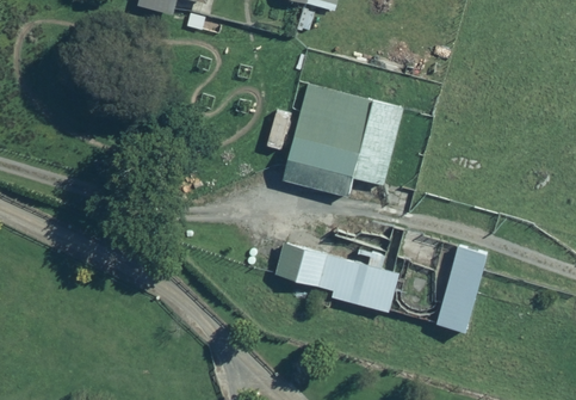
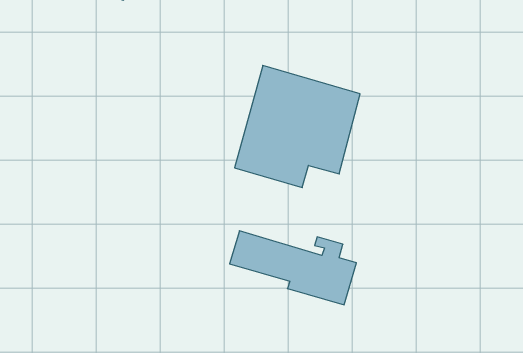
building: [434,245,485,332] -> none

